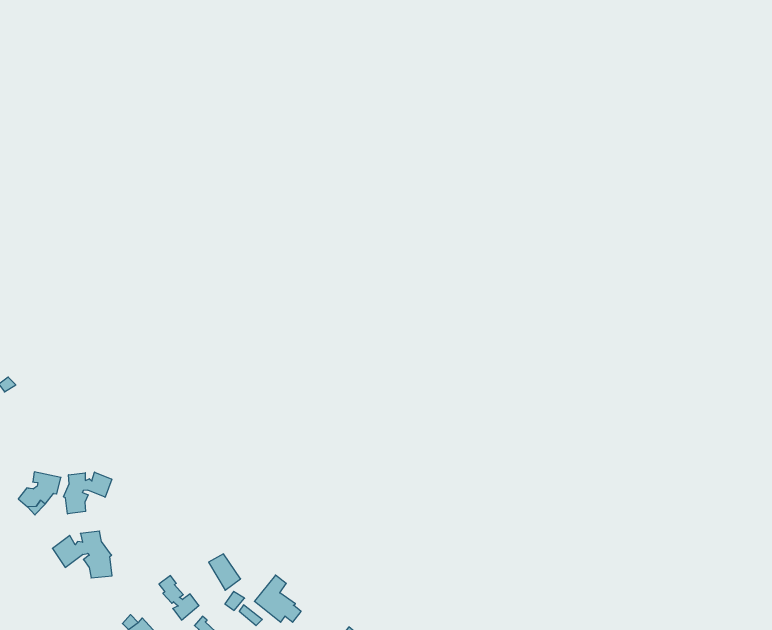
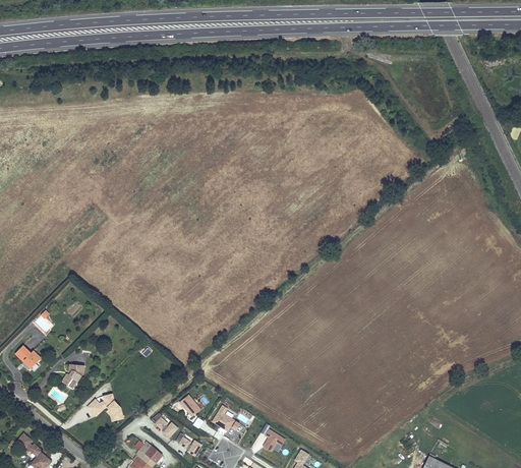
building: [64,472,112,514] -> none

